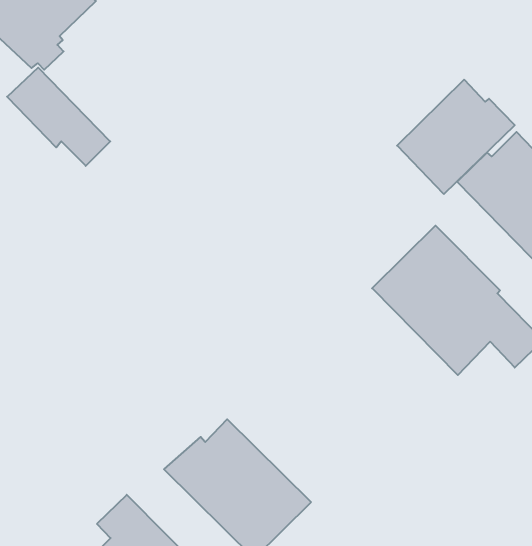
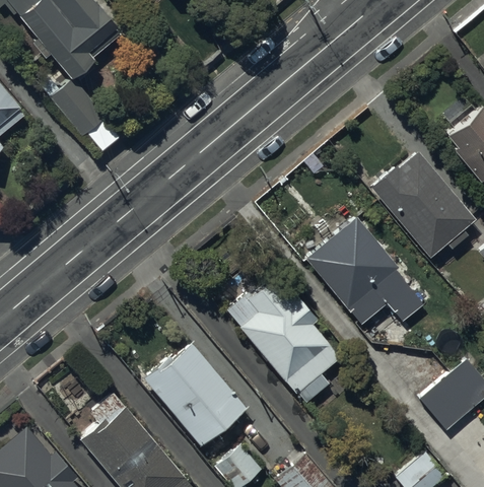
building: [397,80,515,194] -> none
building: none -> [226,278,341,404]

